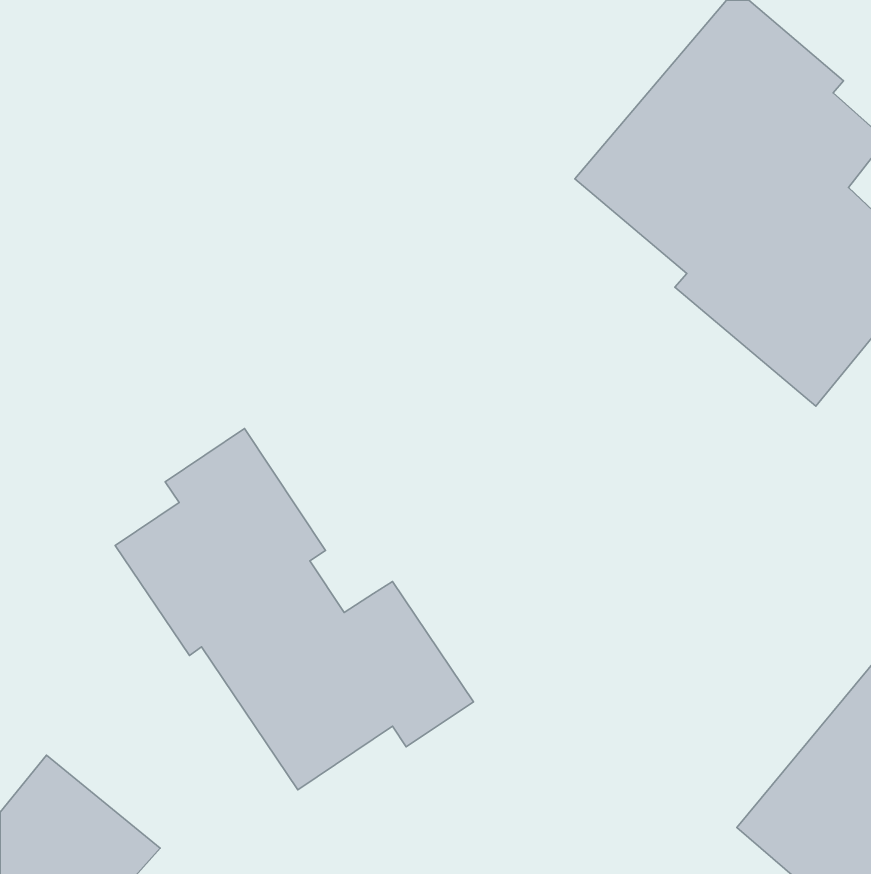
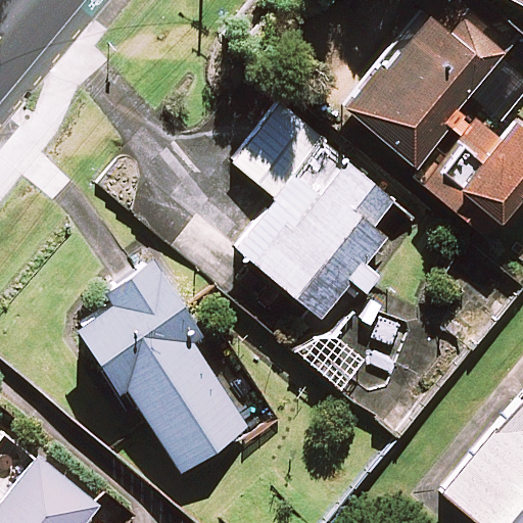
building: none -> [236,105,397,319]

